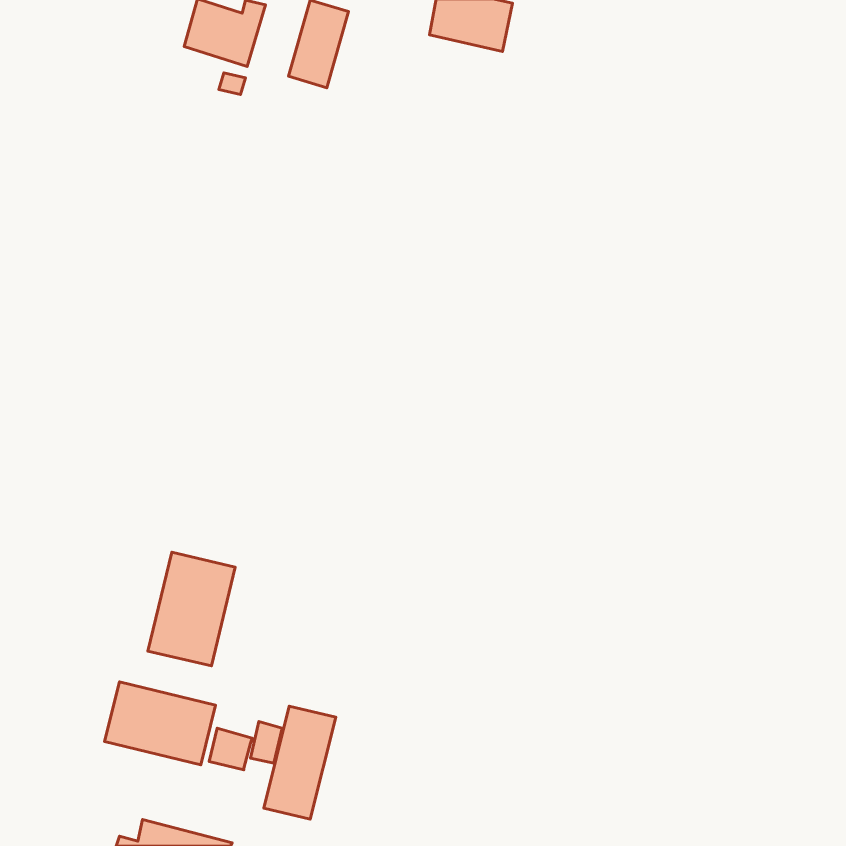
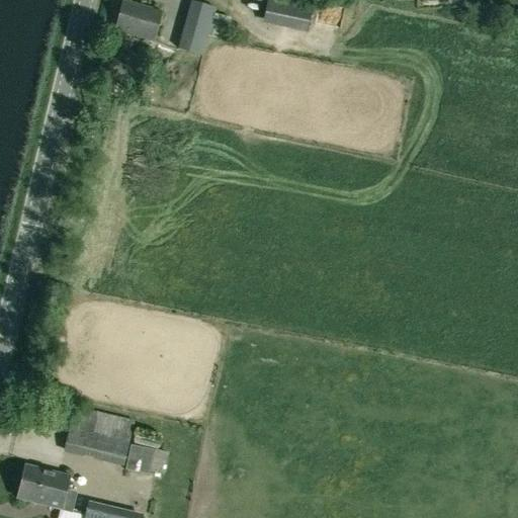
building: [148,552,235,666] -> none
building: [264,706,336,819] -> none
building: none -> [18,464,71,509]

